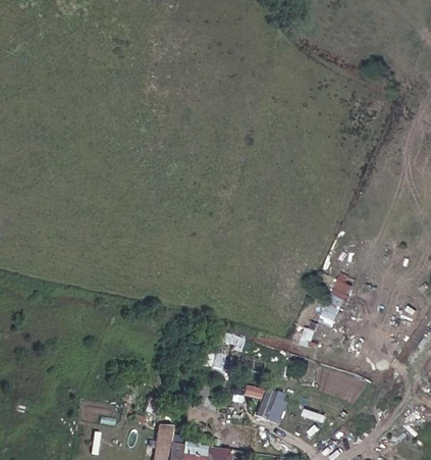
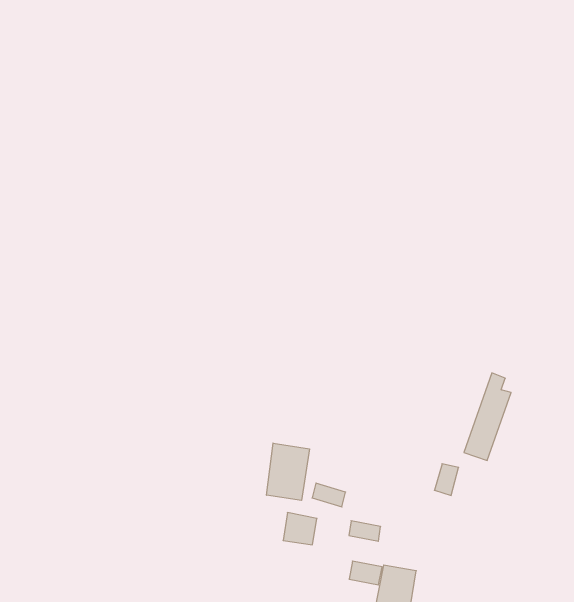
building: none -> [267,443,309,500]

